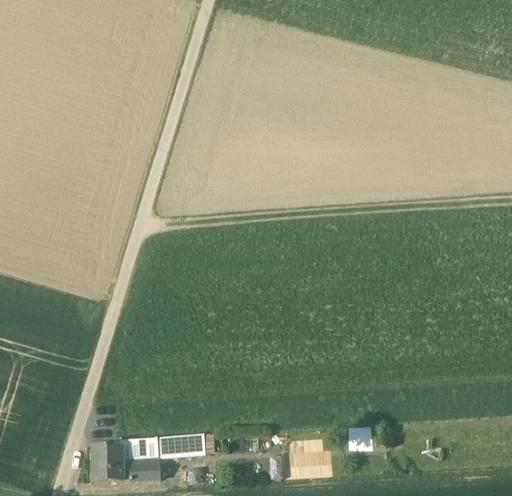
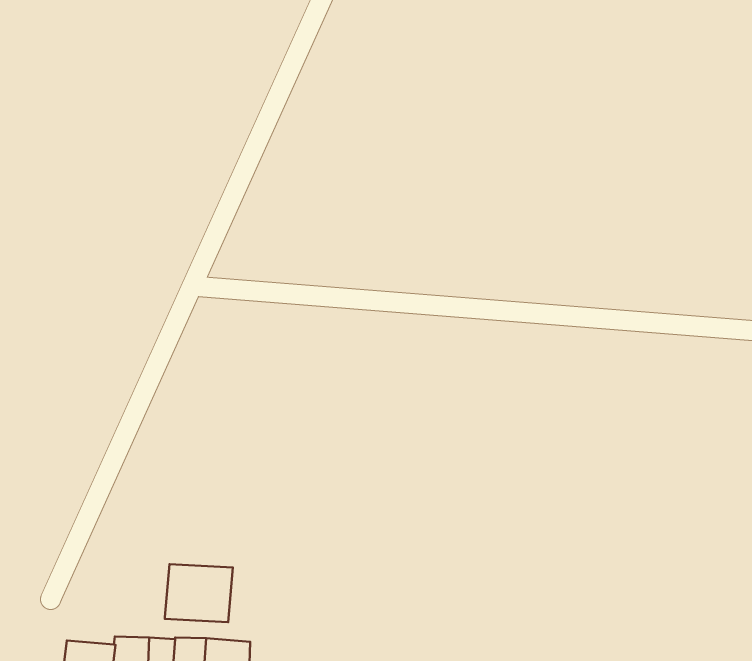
building: none -> [165,564,233,622]

